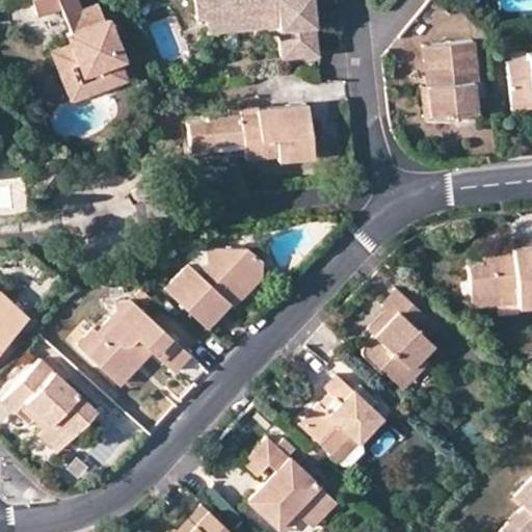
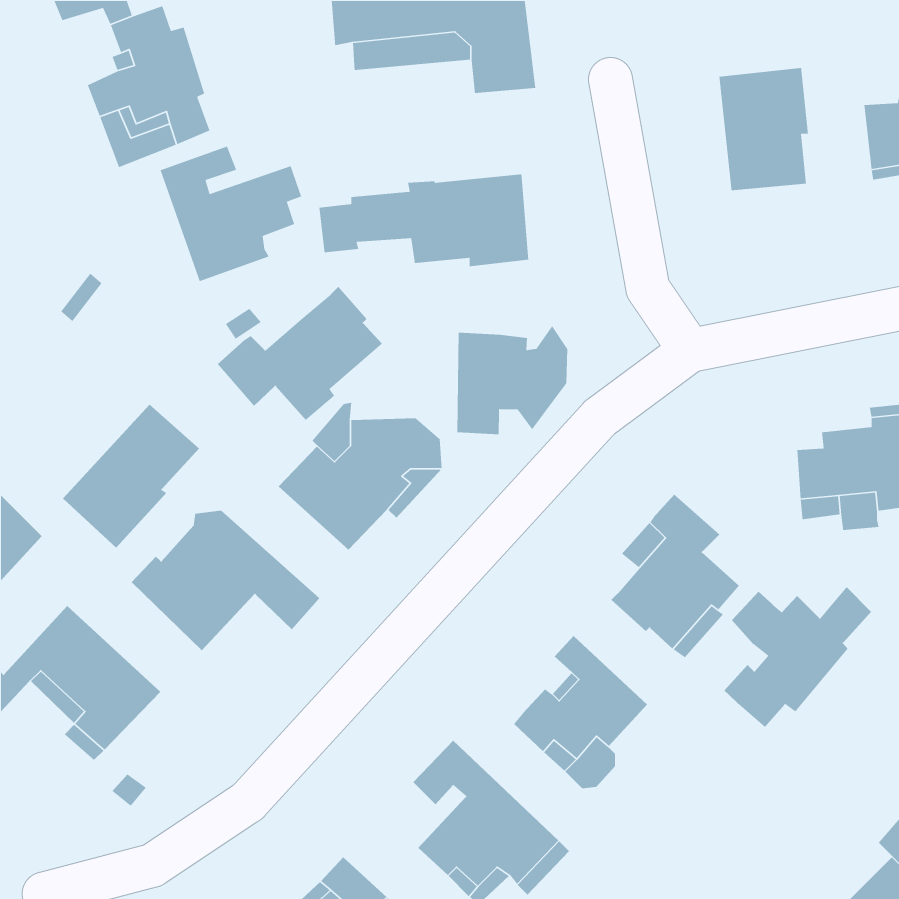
building: none -> [160,146,302,282]
building: none -> [217,286,383,421]
building: none -> [457,325,568,435]
building: none -> [62,404,200,548]
building: none -> [724,586,872,728]

